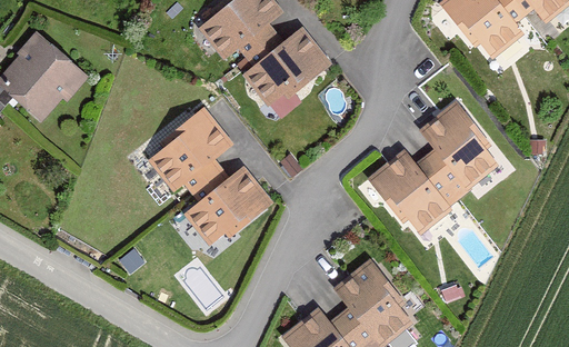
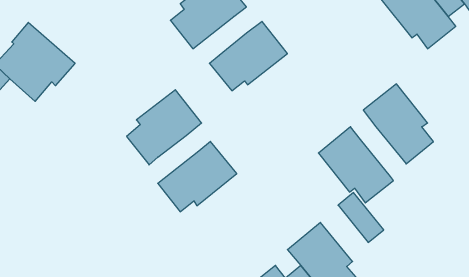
building: [238,23,284,68] -> none
building: [415,149,467,206] -> [338,193,384,242]
building: [183,159,230,202] -> none

